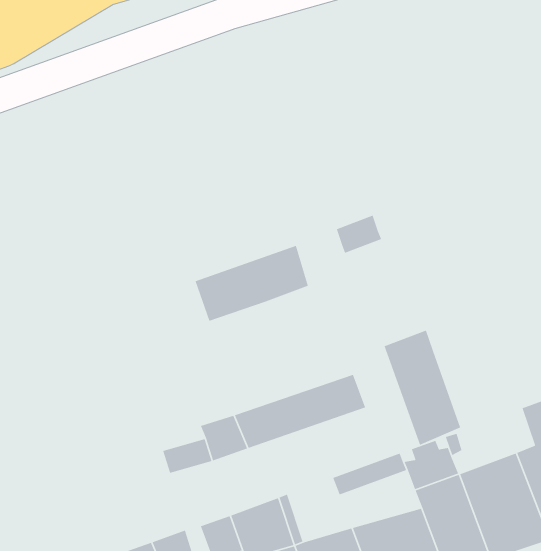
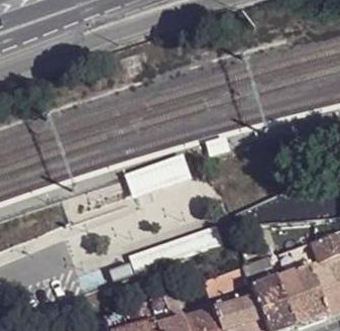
building: [384,330,461,446] -> none

